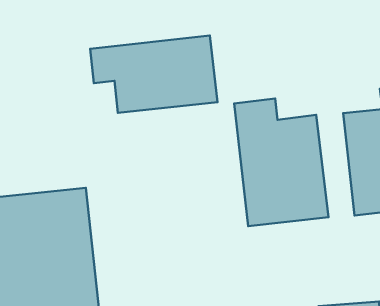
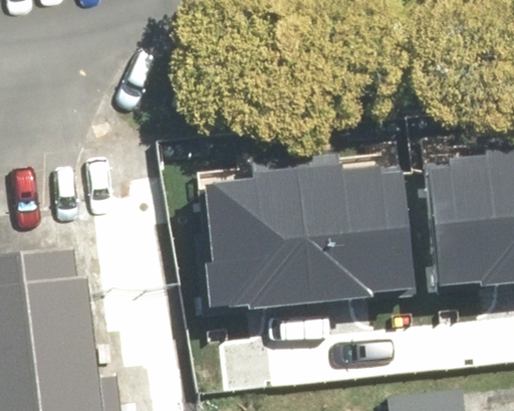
building: [90,35,218,113] -> none
building: none -> [202,153,314,315]

